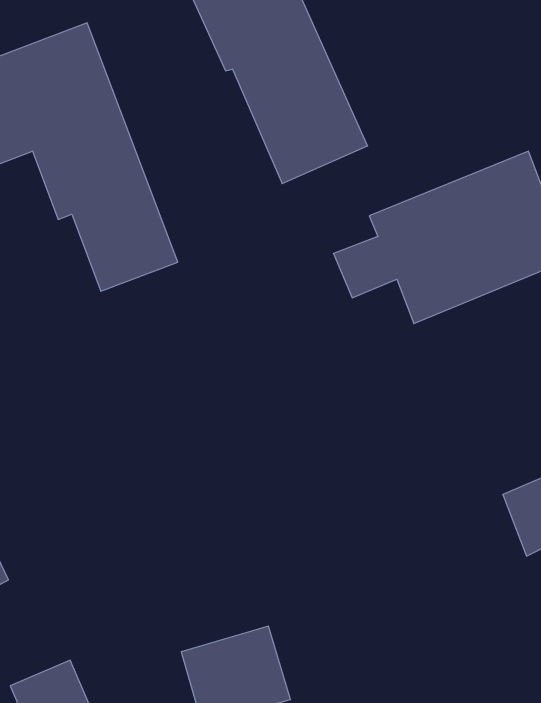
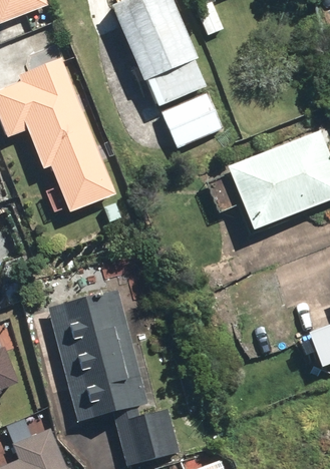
building: none -> [47,288,149,421]

